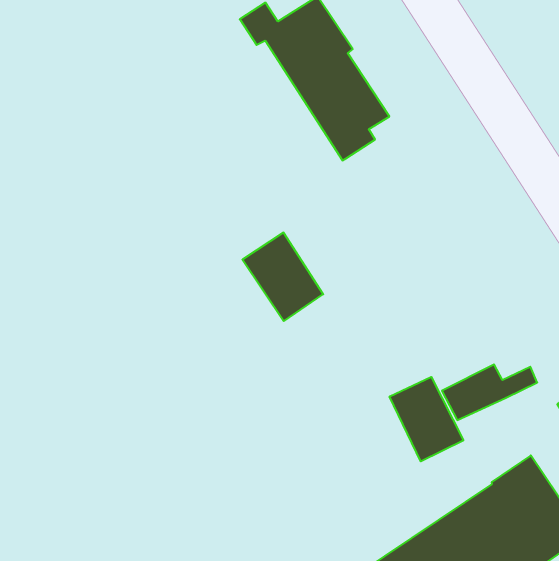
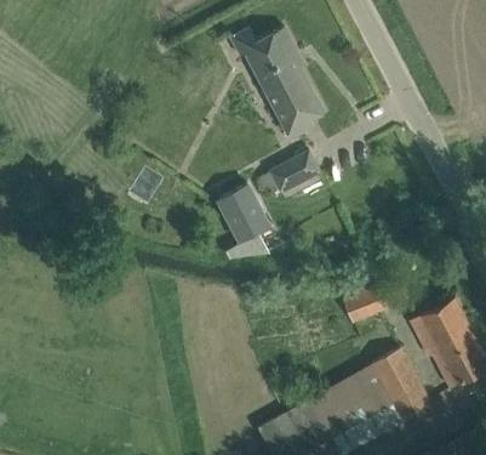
building: none -> [269,152,319,194]
building: [390,377,463,461] -> none

